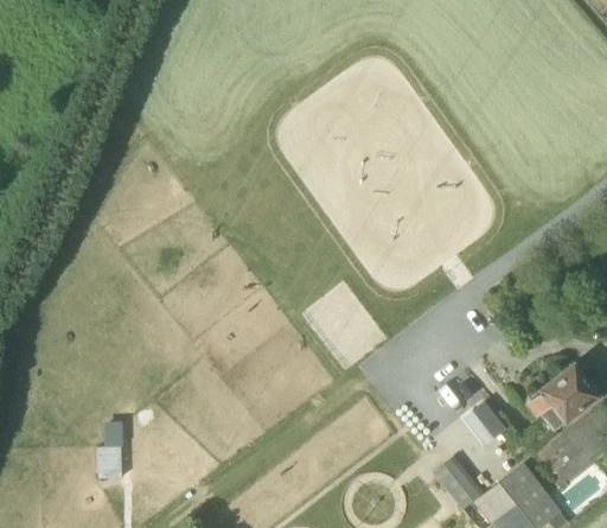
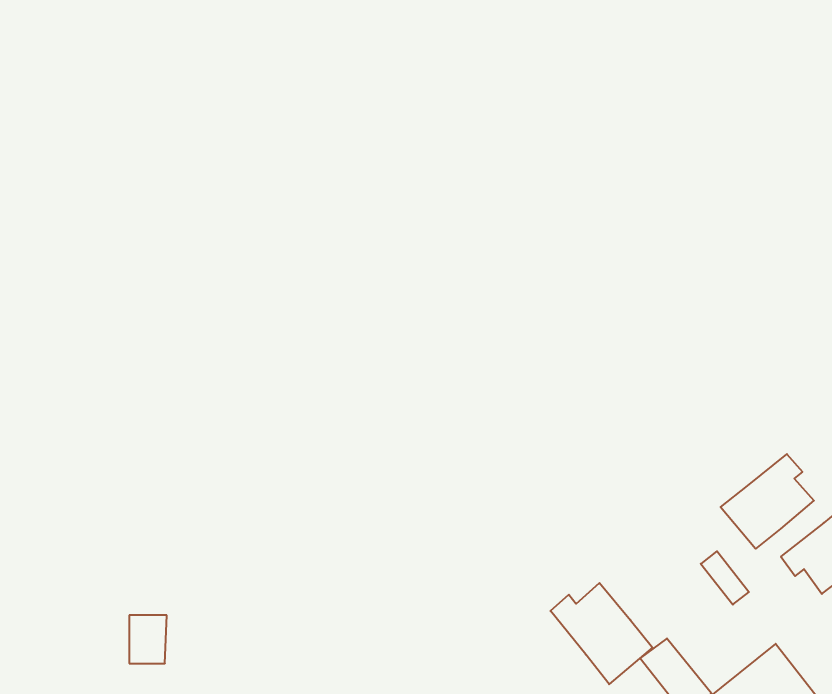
building: none -> [721,454,814,549]
building: none -> [550,583,653,684]

